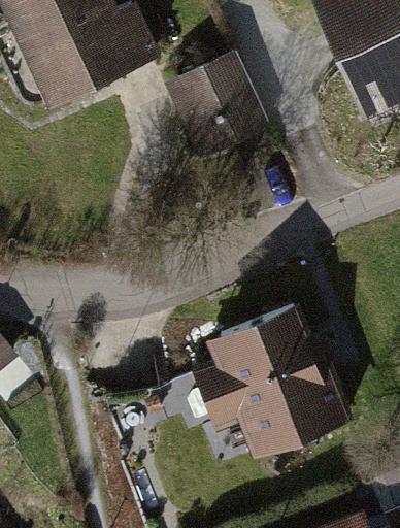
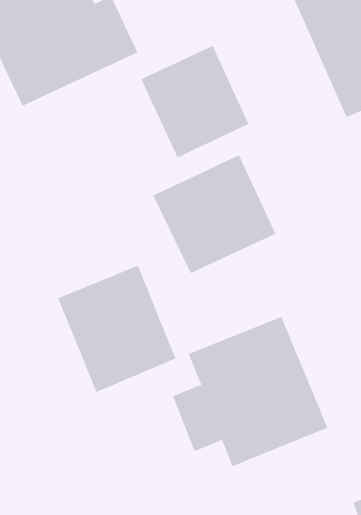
building: none -> [152,155,276,274]
building: none -> [57,265,176,393]

